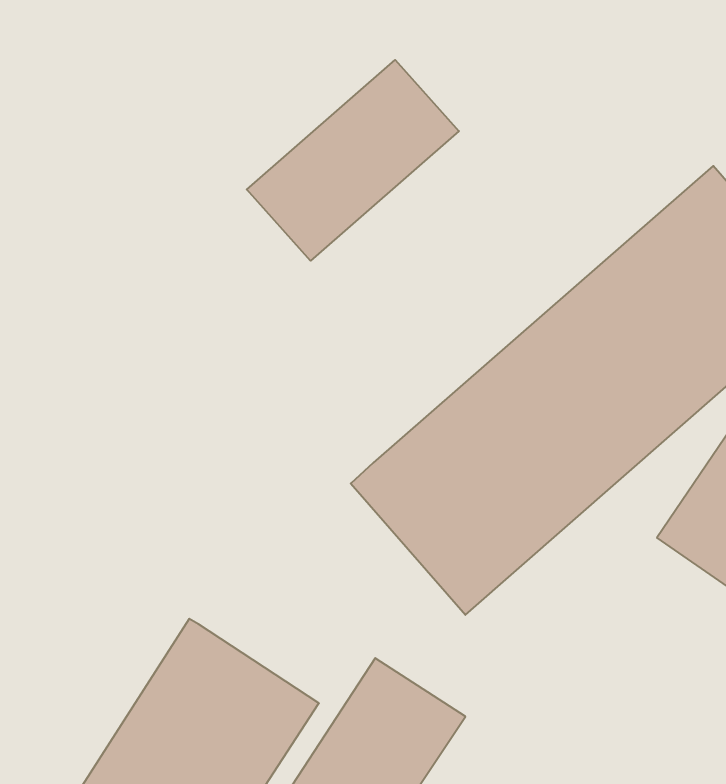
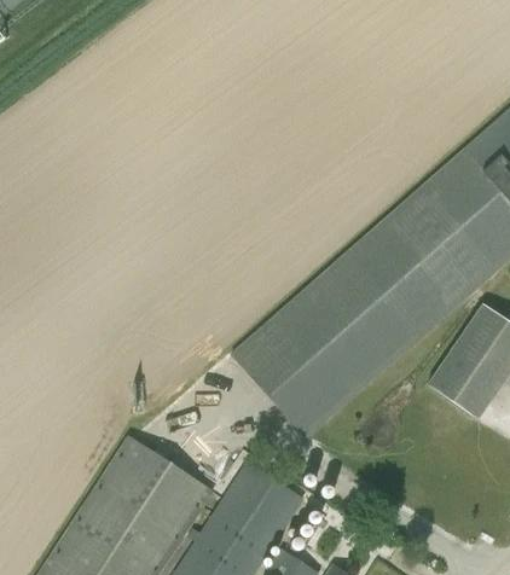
building: [247,60,459,261] -> none

